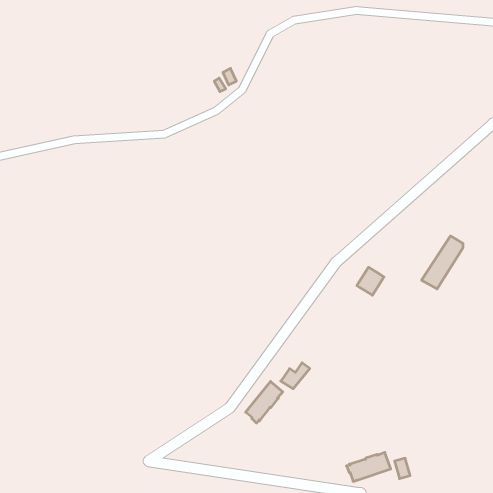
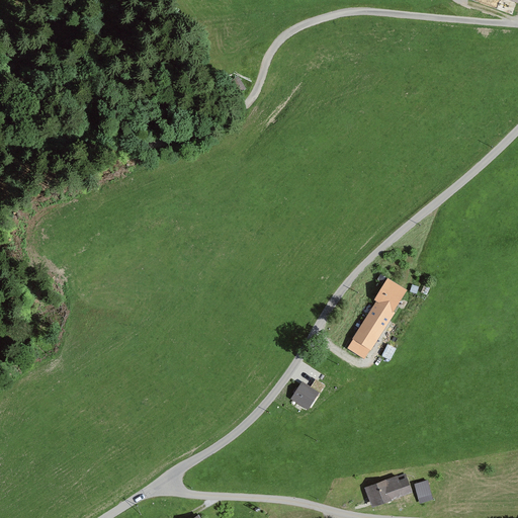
building: [422,236,463,289] -> [347,301,391,357]
building: [246,381,283,423] -> none

